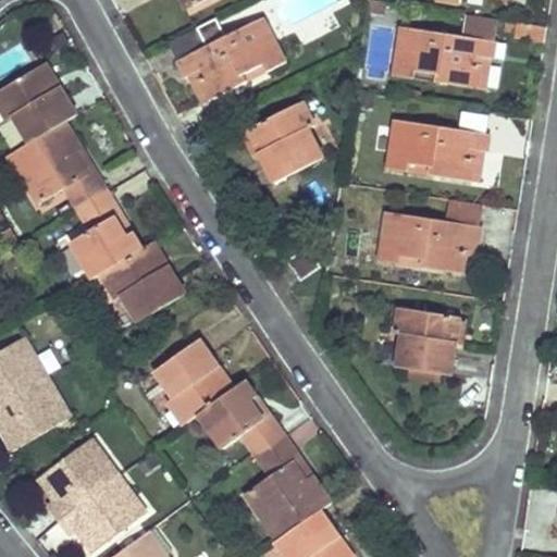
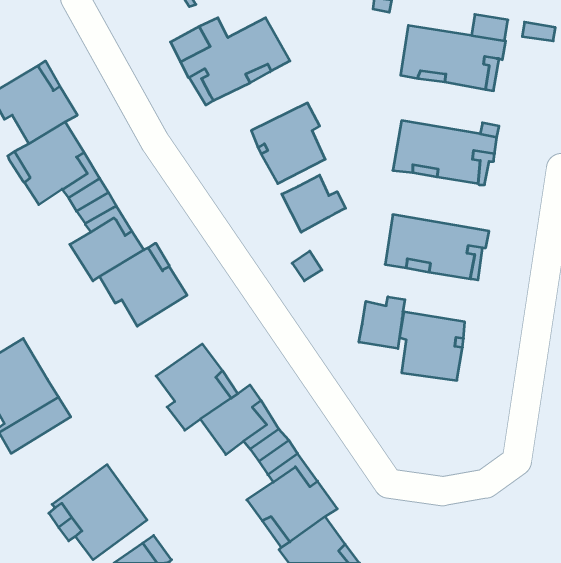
building: none -> [282,175,346,232]
building: none -> [359,297,405,349]
building: [37,438,106,496] -> none

